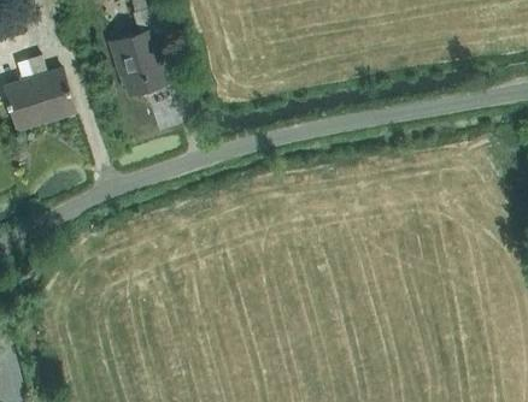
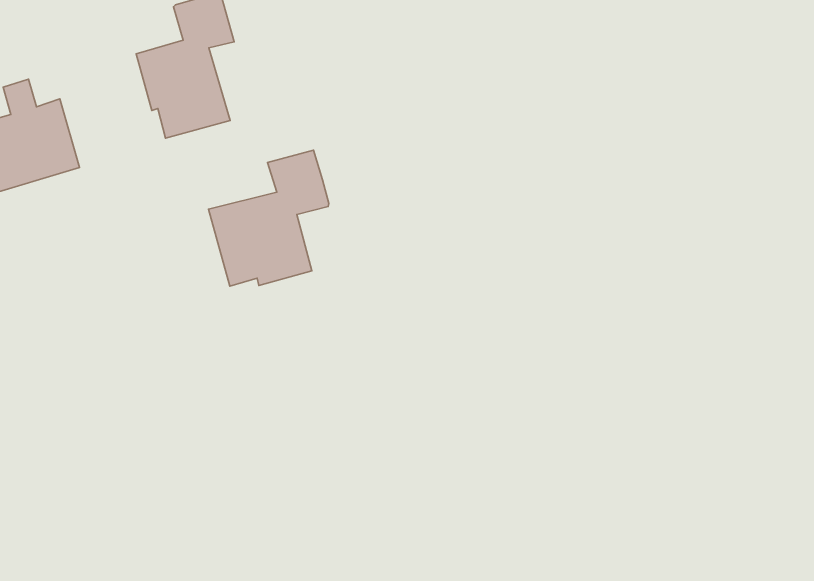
building: none -> [208,150,329,286]

